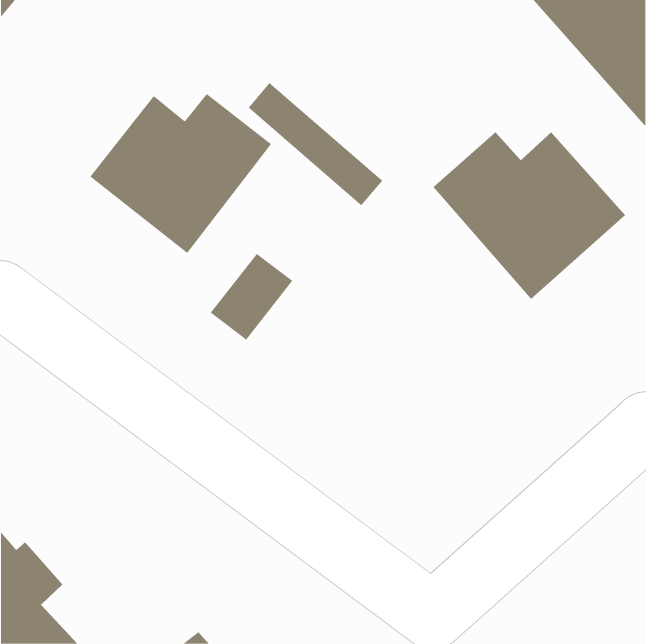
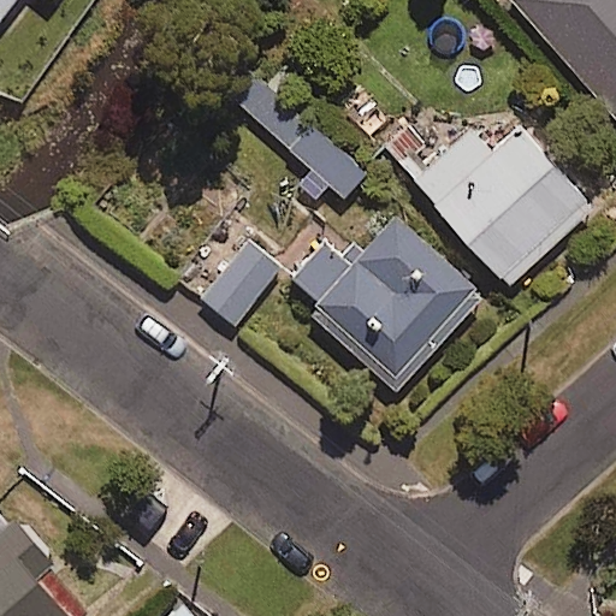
building: [89,93,272,254] -> none
building: none -> [290,221,480,386]

